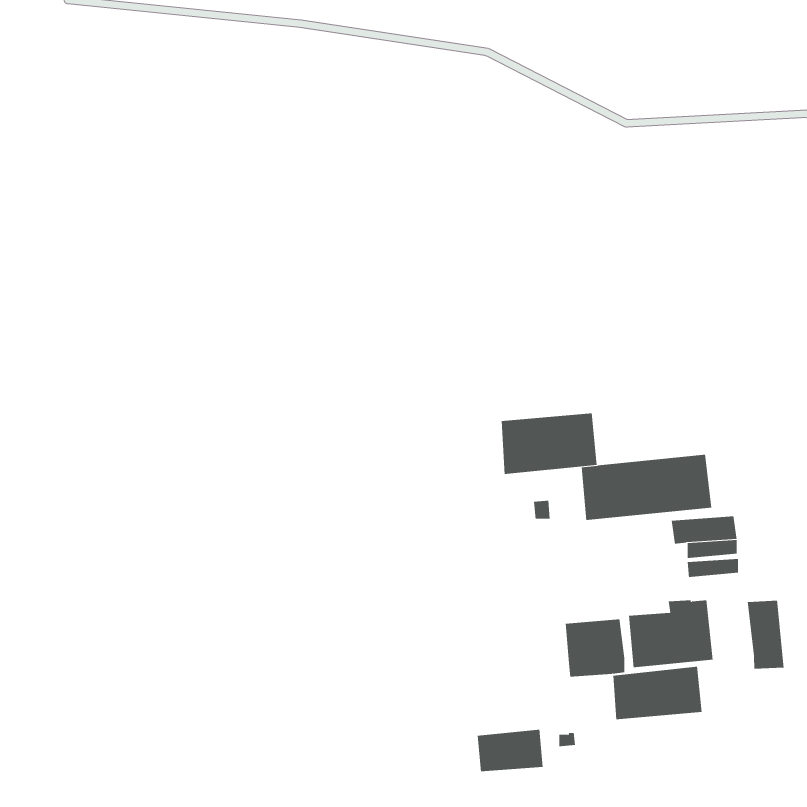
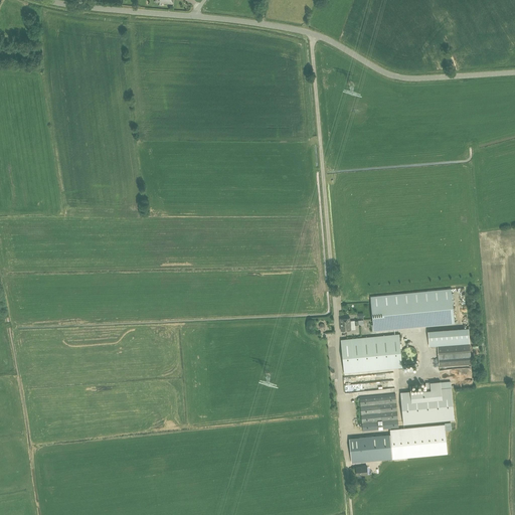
building: [501,413,597,475] -> [340,334,401,373]
building: [747,600,784,670] -> none
building: [477,729,543,772] -> [348,436,390,463]

